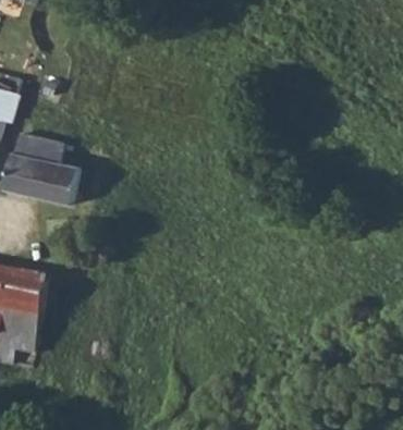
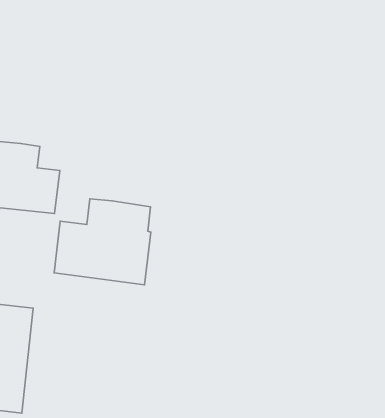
building: none -> [54,199,151,285]

